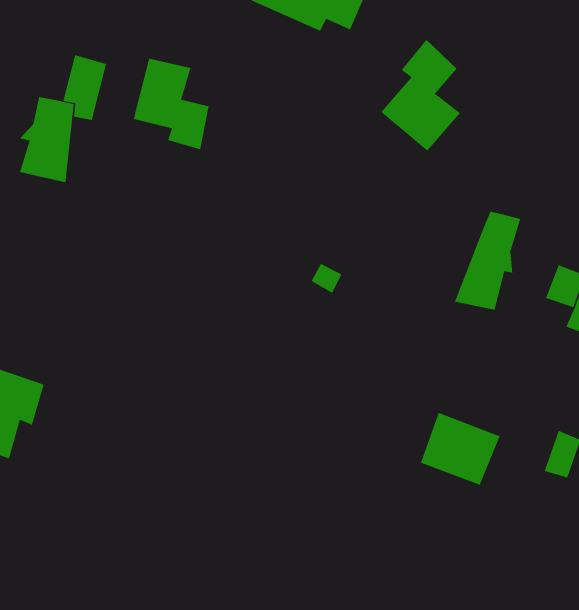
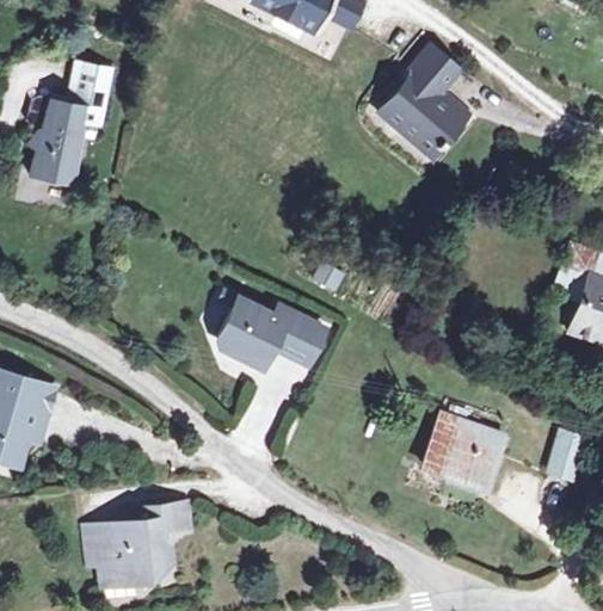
building: [133,58,209,150] -> none
building: [454,211,521,311] -> none
building: none -> [222,301,325,369]
building: none -> [79,505,185,586]

